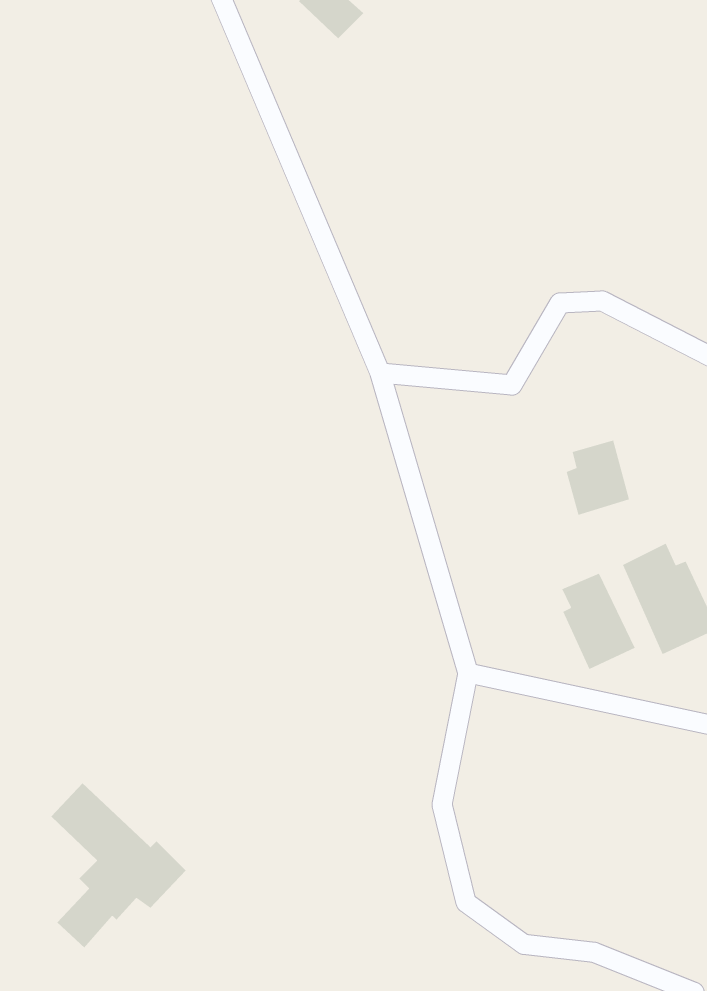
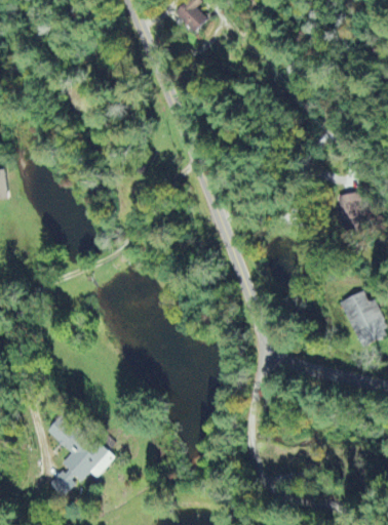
building: [566,440,630,516] -> [335,190,367,229]
building: [562,573,636,670] -> none

